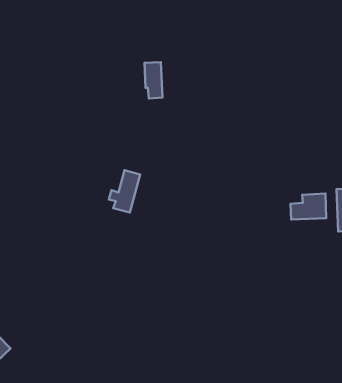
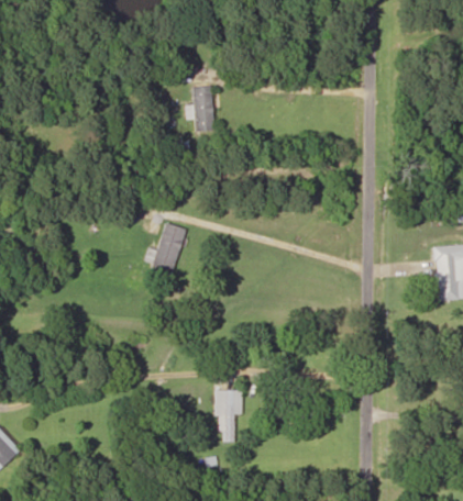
building: [291,193,326,219] -> none
building: none -> [214,390,242,442]

